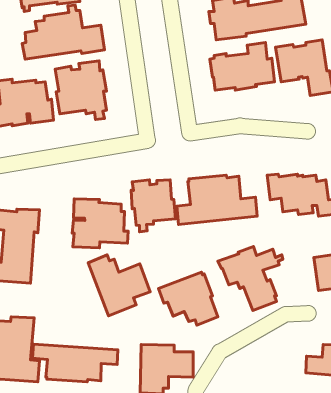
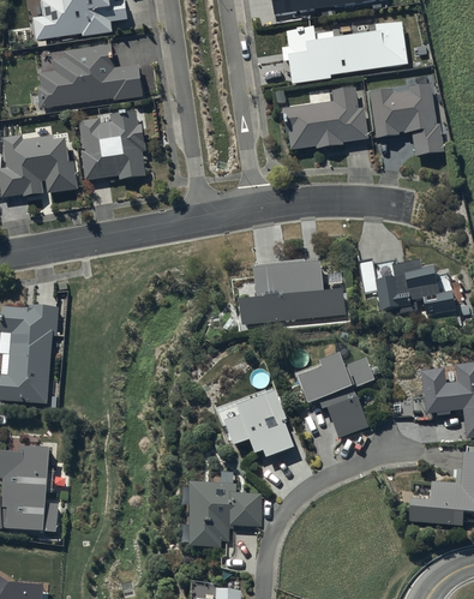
building: [131,180,175,232] -> none
building: [72,199,128,248] -> none
building: [88,255,150,316] -> none
building: [33,344,118,382] -> none

